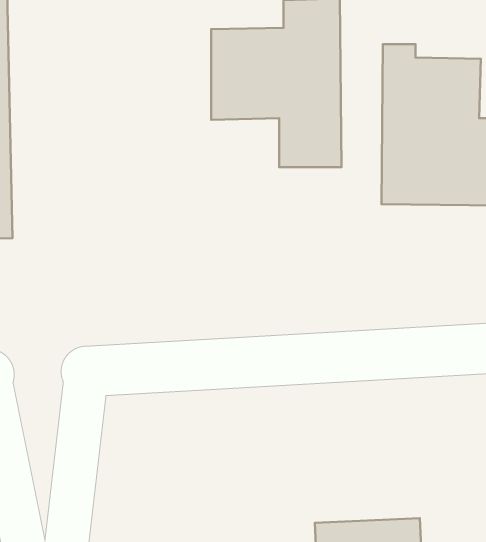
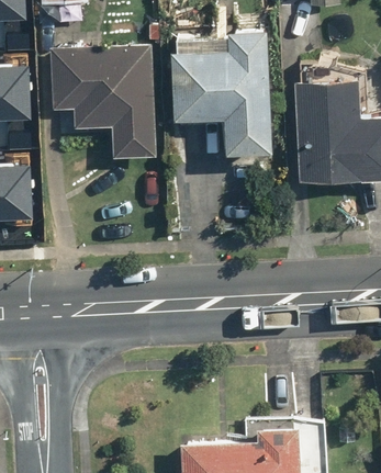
building: none -> [52,42,156,158]

